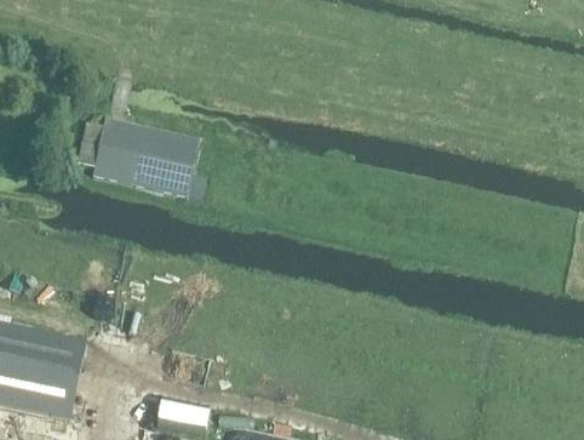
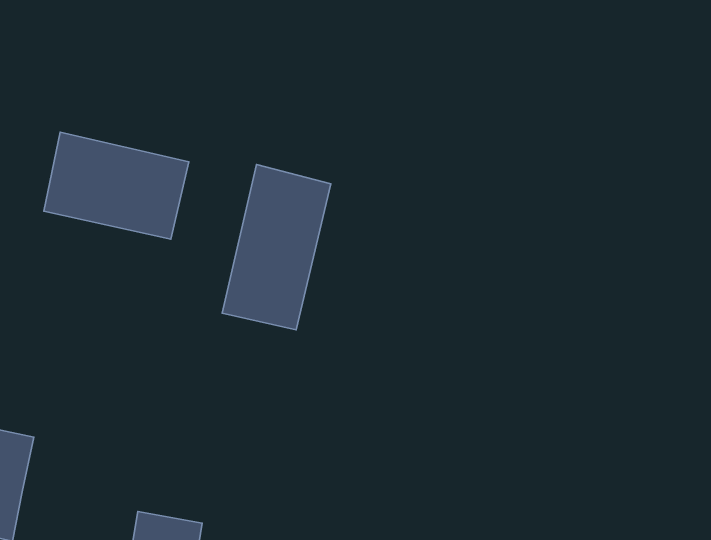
building: none -> [222,164,331,330]

